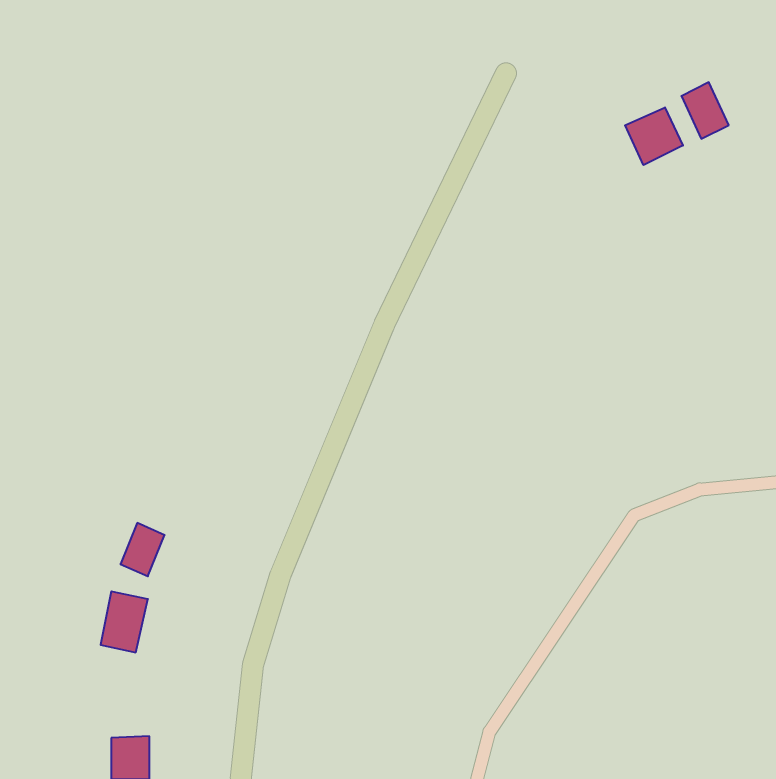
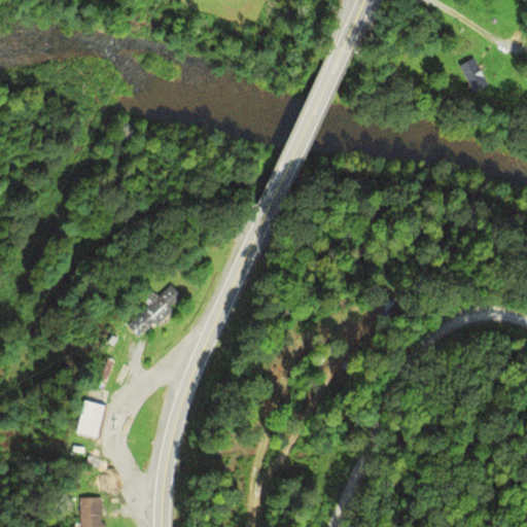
building: [625,107,683,165] -> none
building: none -> [128,285,184,340]

